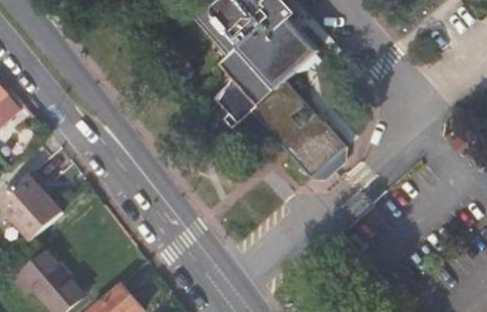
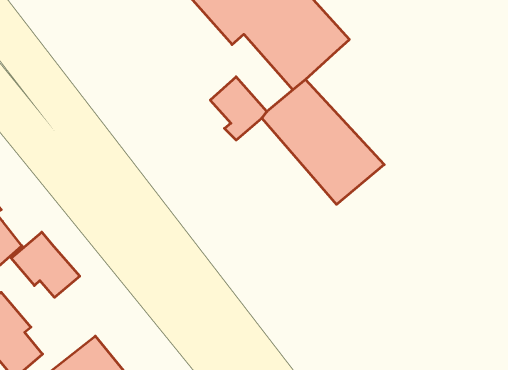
building: [217,45,275,105] -> none
building: none -> [11,232,80,297]

